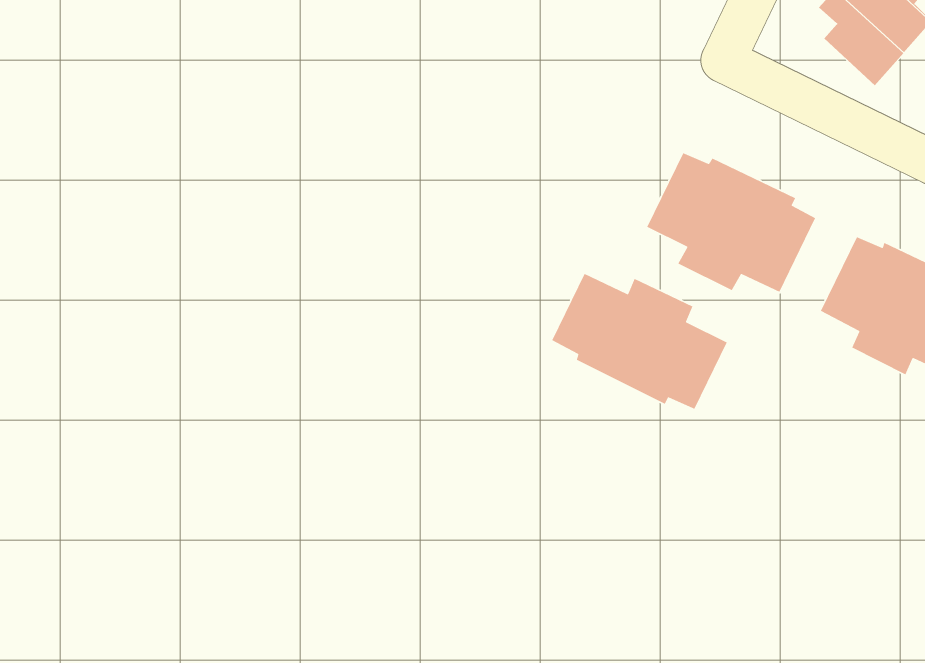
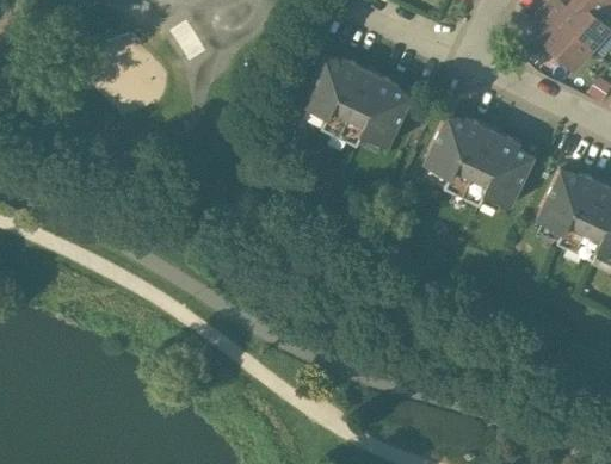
building: none -> [301,55,413,147]
building: [551,273,728,410] -> none

